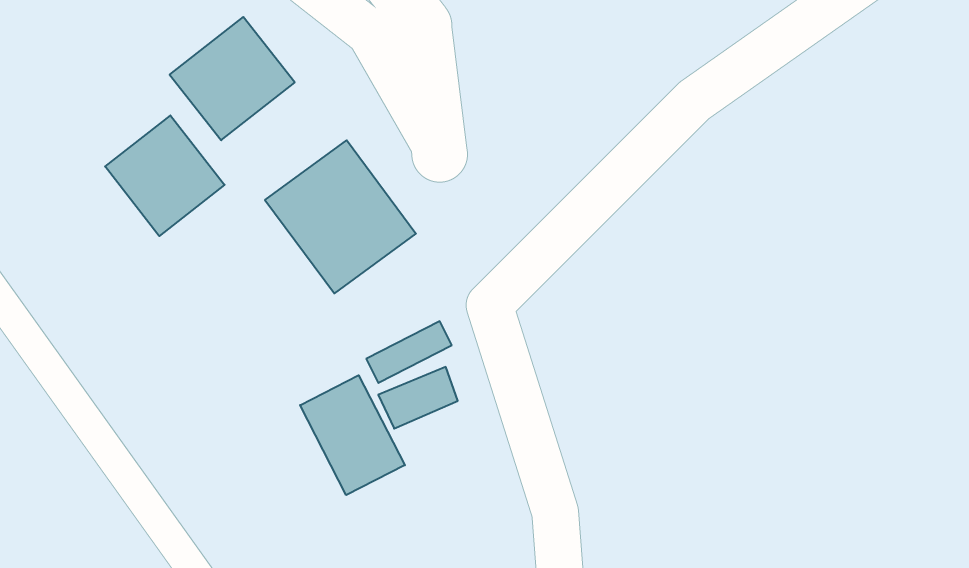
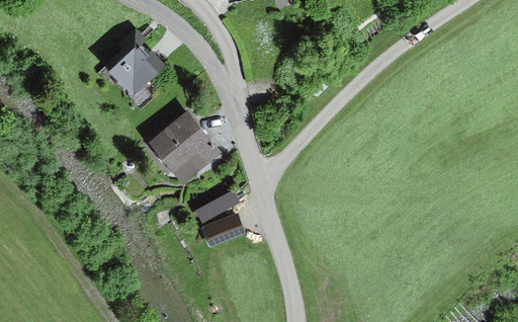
building: [105,115,225,236] -> none
building: [300,375,405,495] -> none

